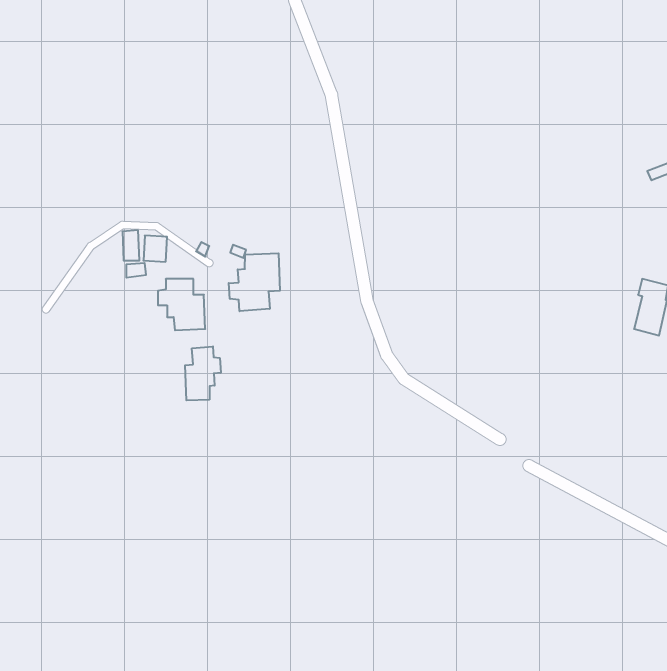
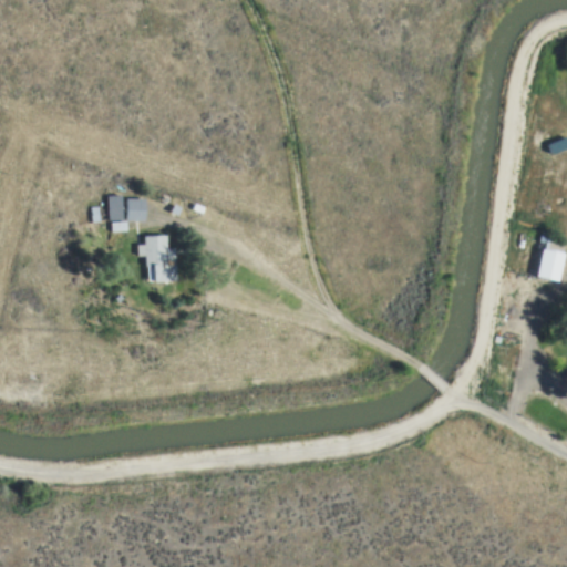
building: [229,253,280,311] -> none
building: [185,346,221,400] -> none

